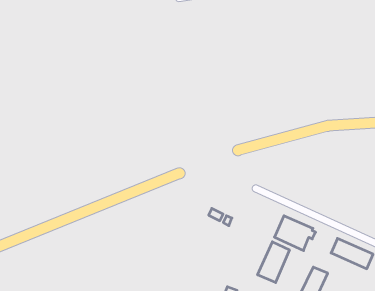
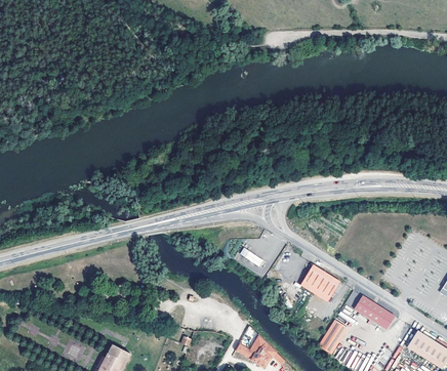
building: [258,242,289,283] -> none

